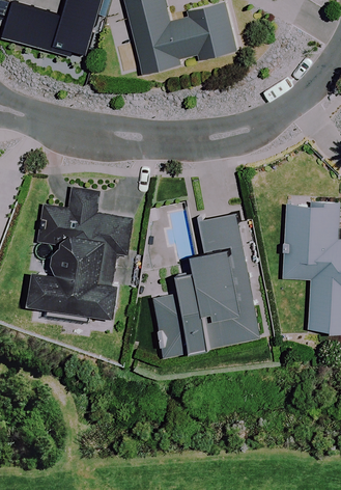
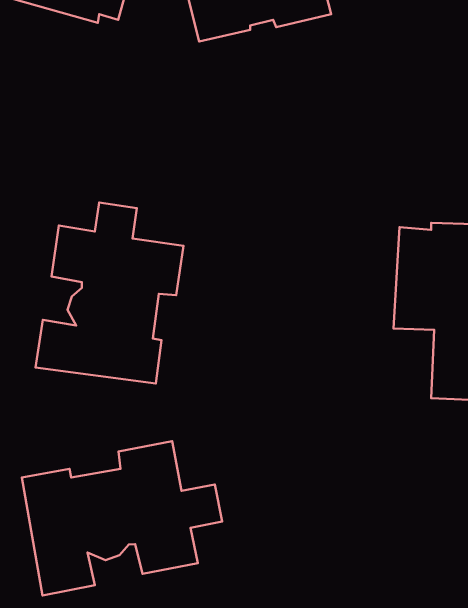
building: [153,213,261,357] -> none
building: none -> [22,441,222,596]

